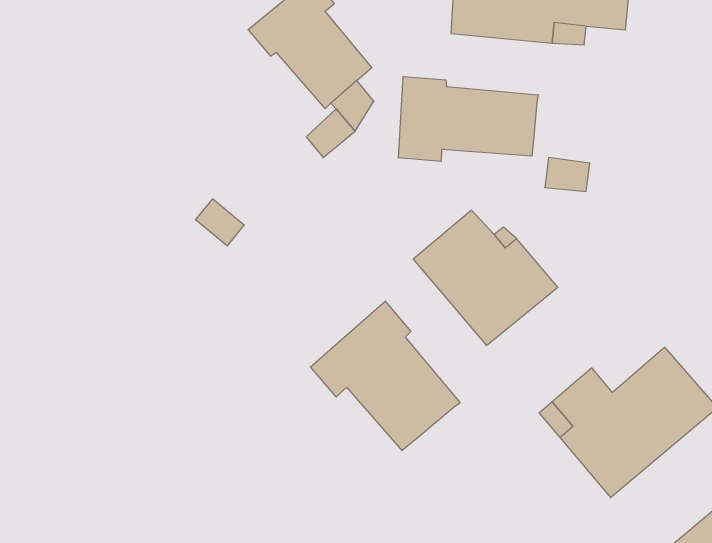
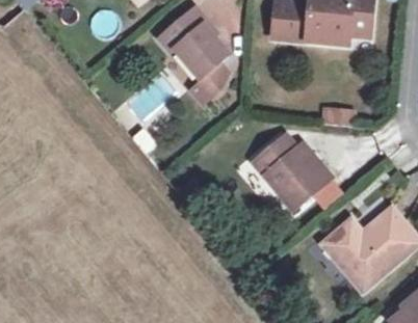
building: [398,76,538,161] -> none
building: [311,301,460,451] -> none

